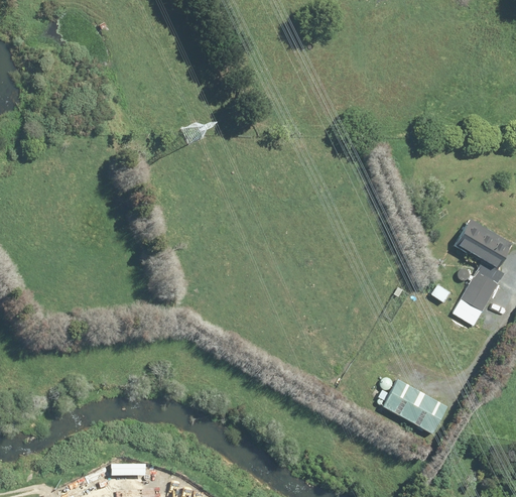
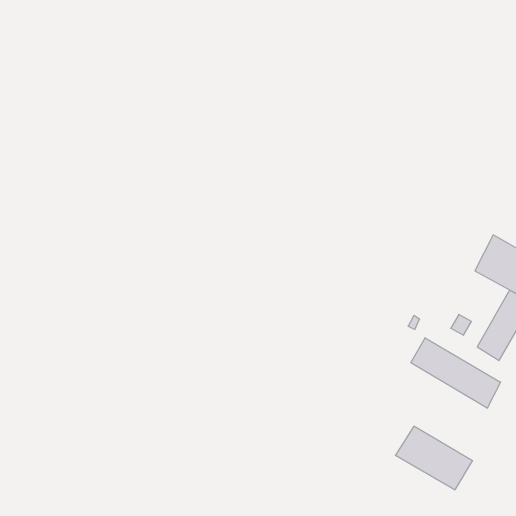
building: none -> [411,338,501,408]

